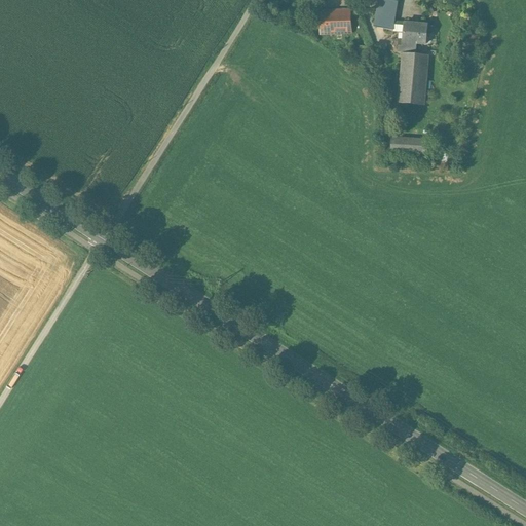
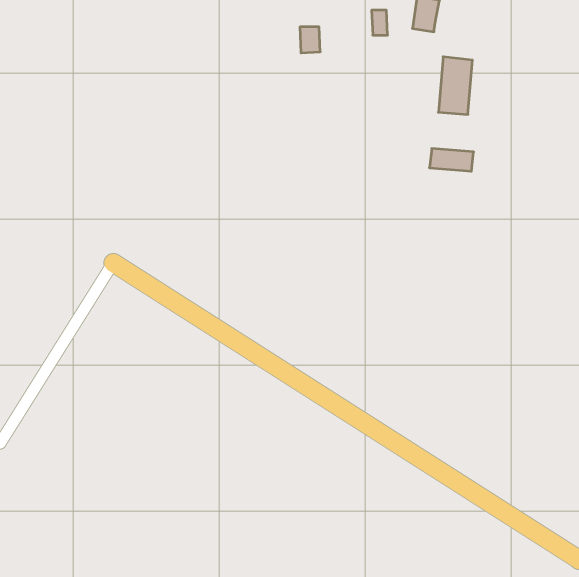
building: [320,9,338,33] -> [300,27,320,53]
building: [393,21,427,51] -> none

